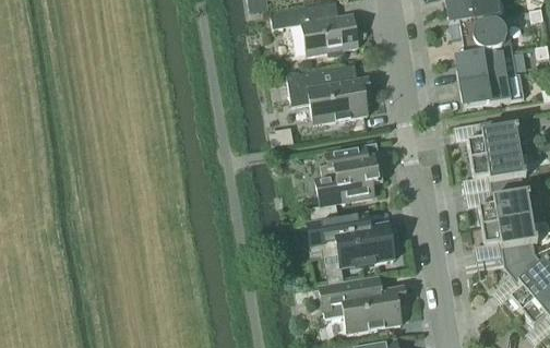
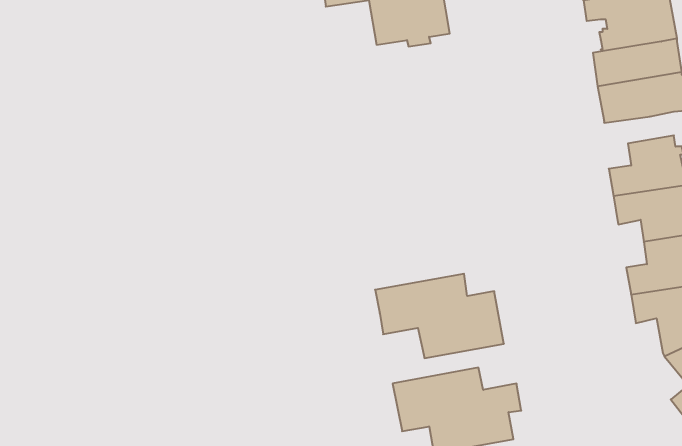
building: [287,64,371,123] -> none
building: [315,143,383,206] -> none

